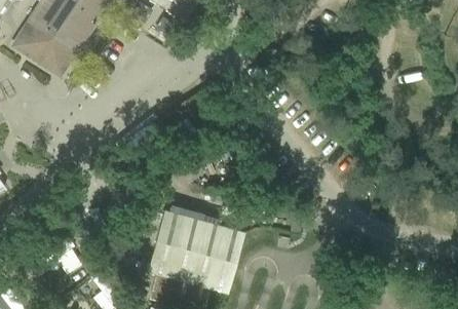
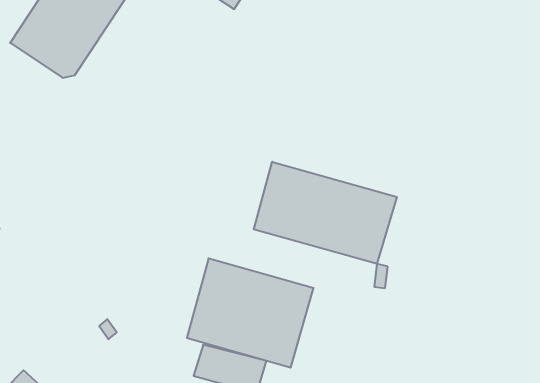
building: none -> [254,162,397,264]

